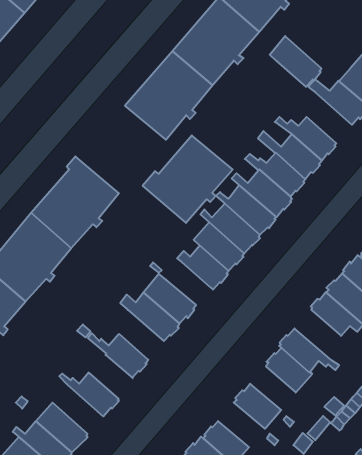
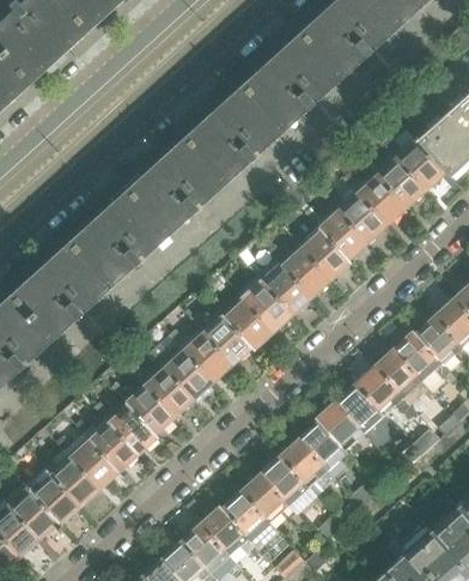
building: [270,36,321,87] -> [370,152,424,210]
building: [143,135,233,223] -> [122,141,221,235]
building: none -> [203,317,250,365]
building: none -> [335,386,389,443]
building: none -> [132,362,193,418]
building: none -> [95,404,157,456]
building: none -> [280,441,328,490]
building: none -> [55,434,117,490]
building: none -> [240,476,290,526]

